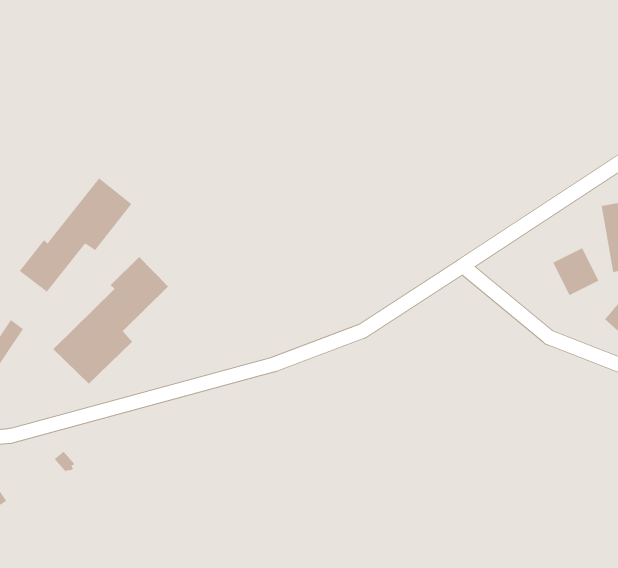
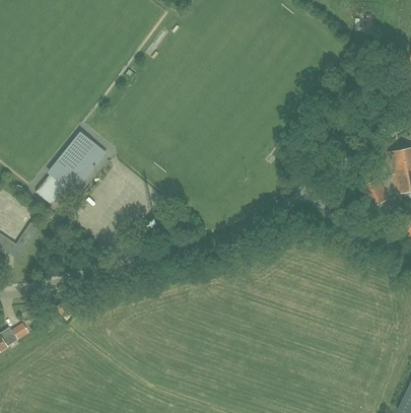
building: [53,256,169,384] -> none

